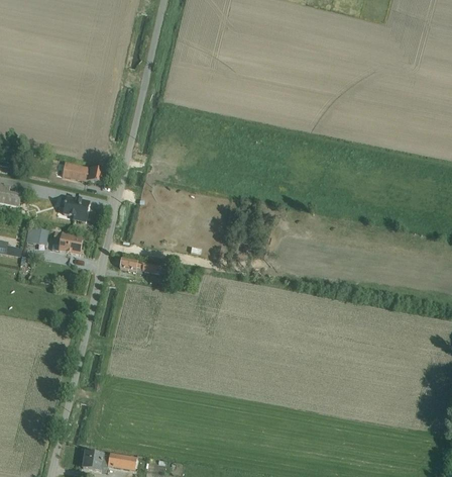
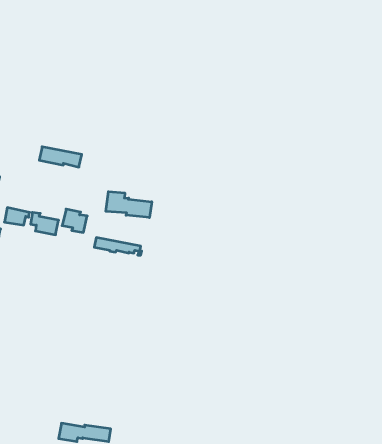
building: [62,196,88,220] -> [62,209,87,232]
building: none -> [106,192,152,218]

